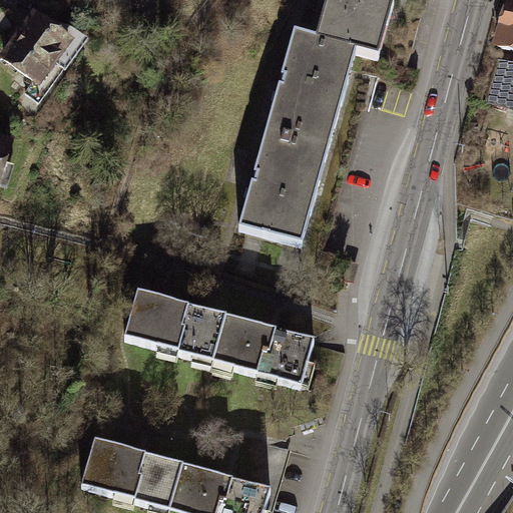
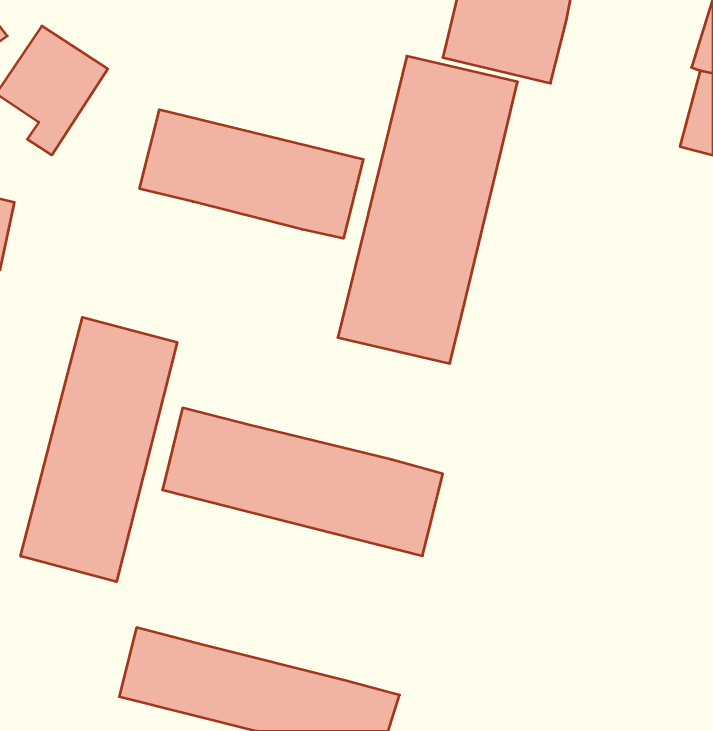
building: none -> [140,110,363,238]
building: none -> [21,317,177,582]

